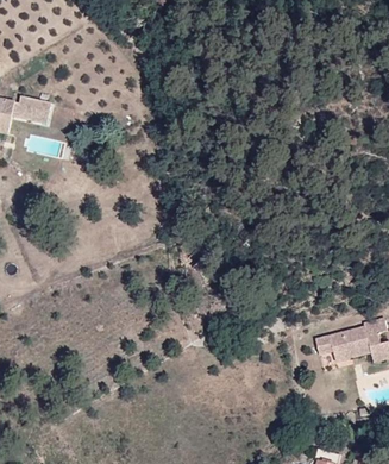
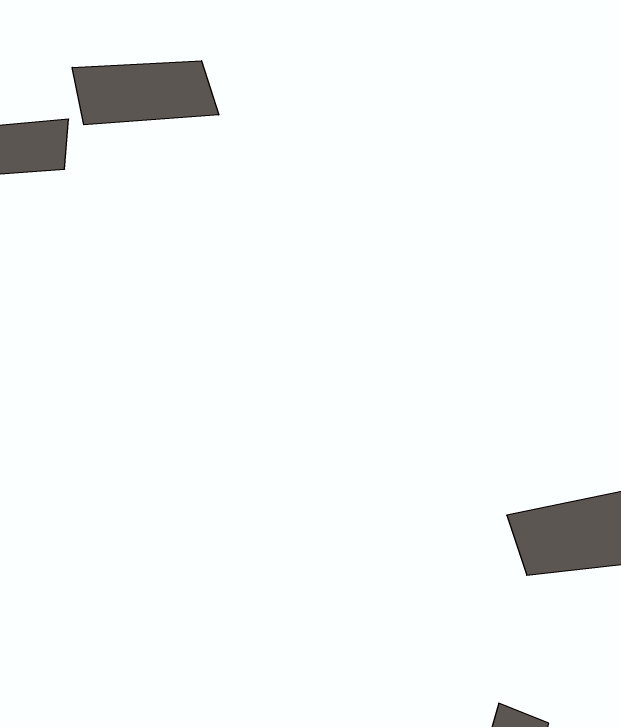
building: none -> [72,61,219,125]

